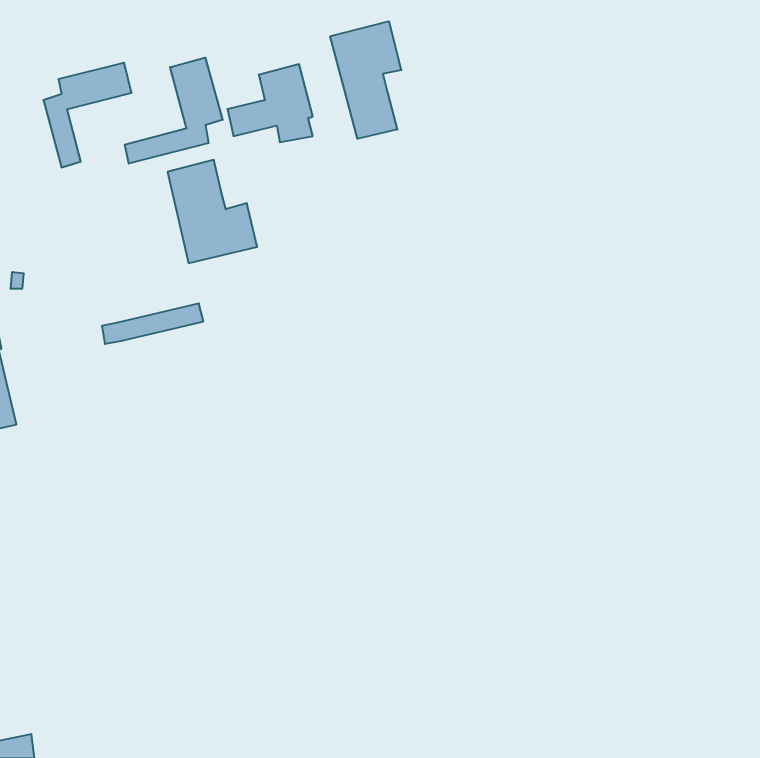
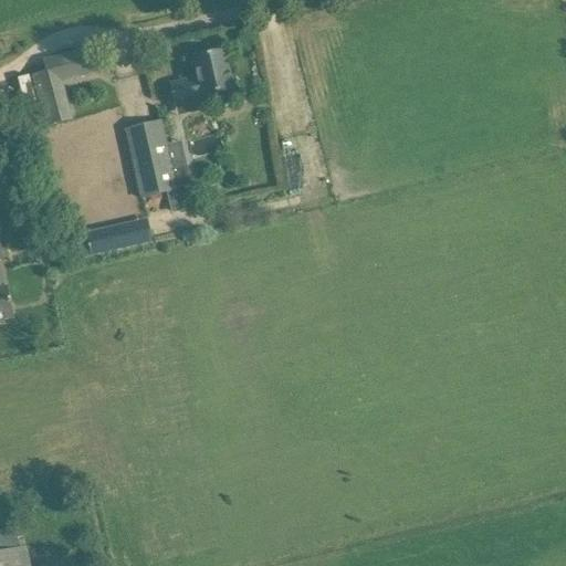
building: [330,21,401,139] -> none
building: [125,58,223,164] -> none

